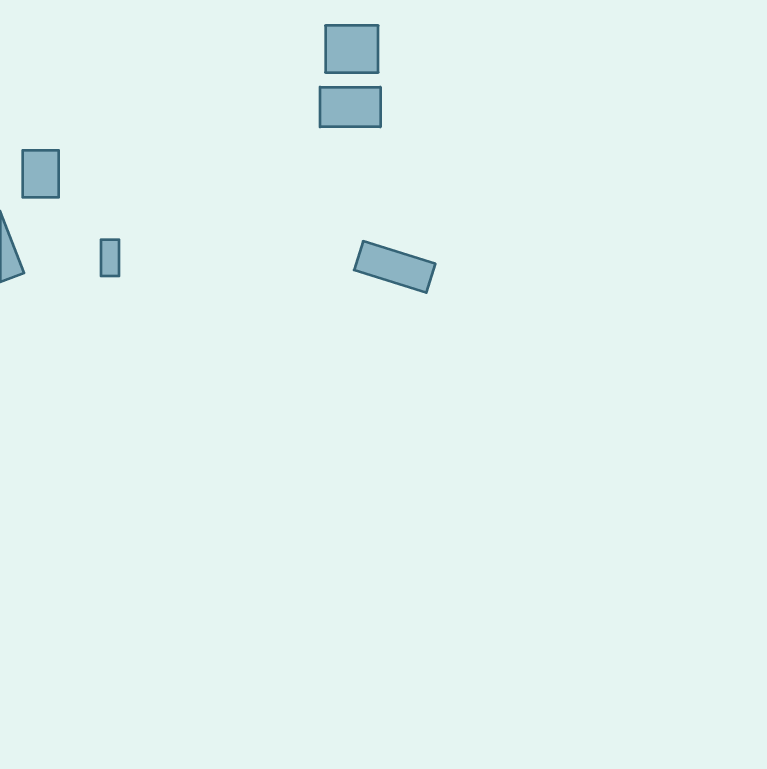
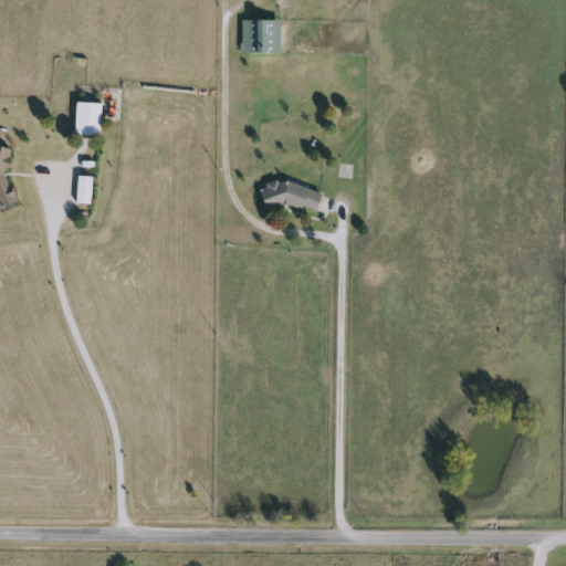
building: [320,87,380,127] -> none
building: [23,150,59,197] -> [74,102,101,136]

